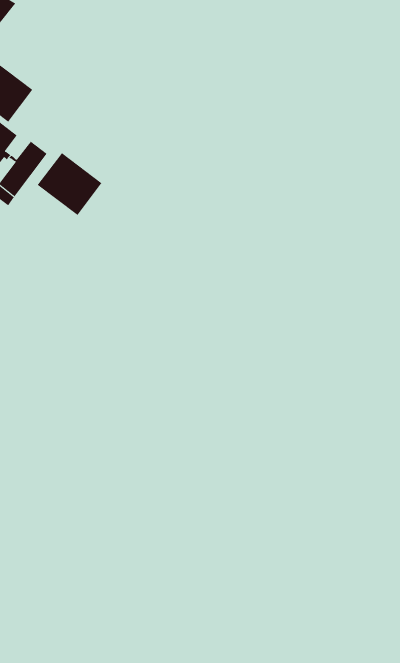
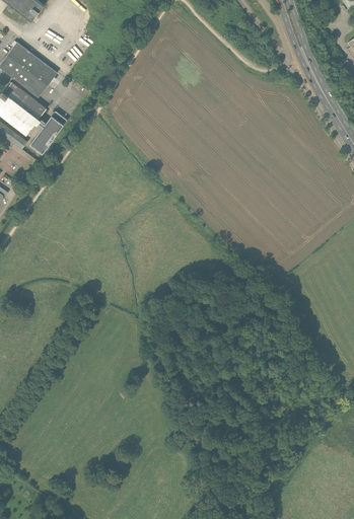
building: [37,152,102,216] -> none

